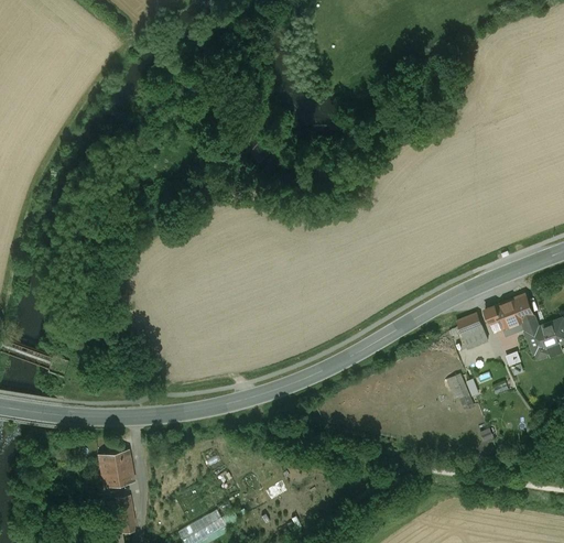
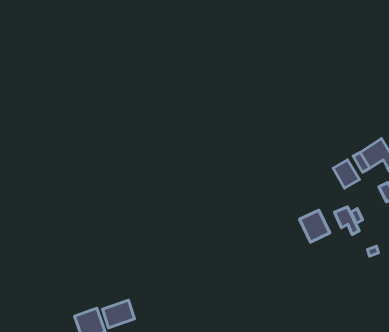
building: none -> [300,210,330,242]
building: none -> [103,300,134,328]

